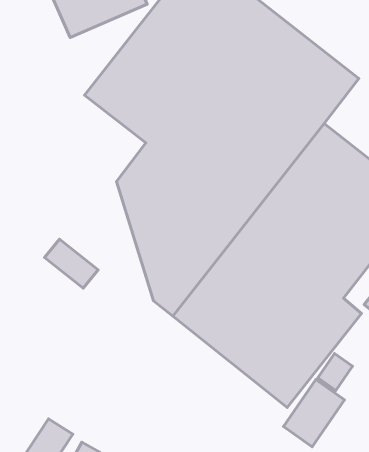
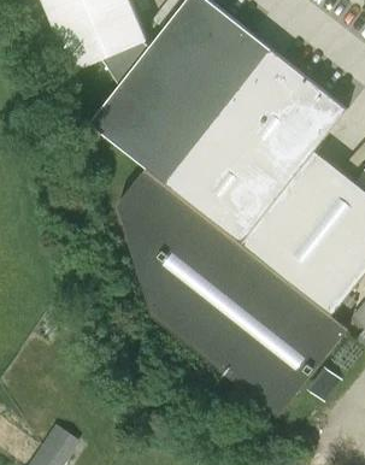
building: [44,239,98,288] -> none
building: [284,380,344,447] -> none

